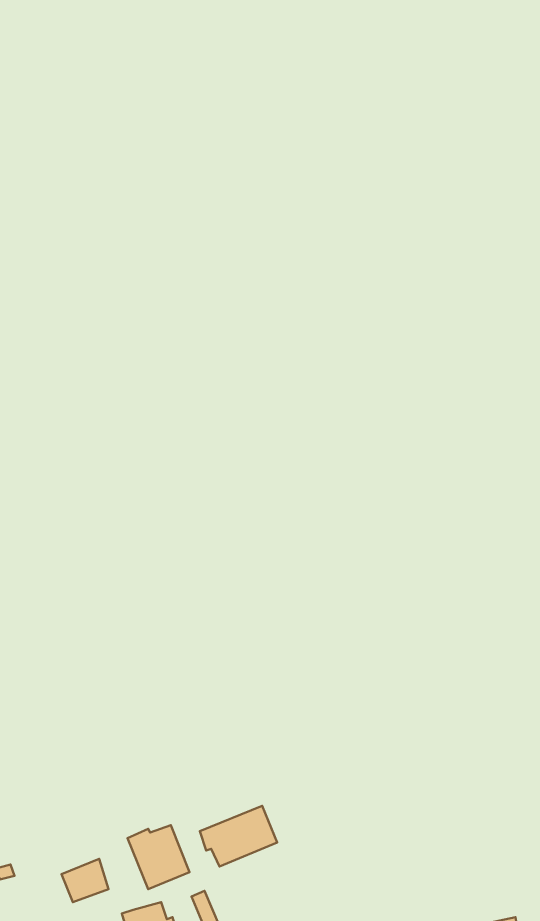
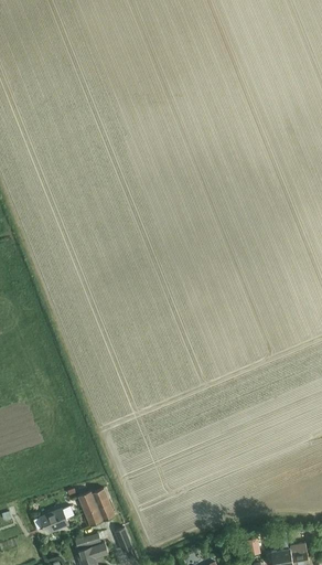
building: [200,806,277,866] -> none

